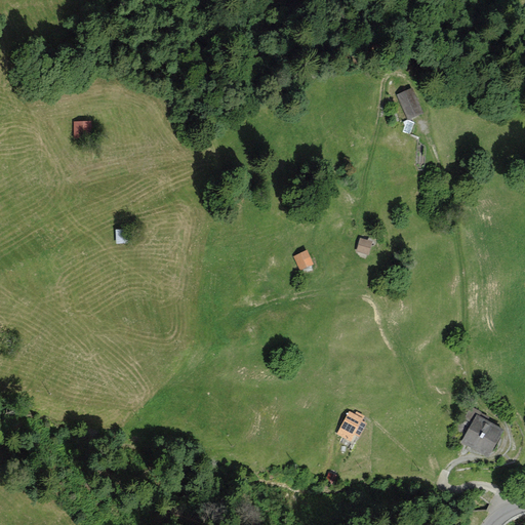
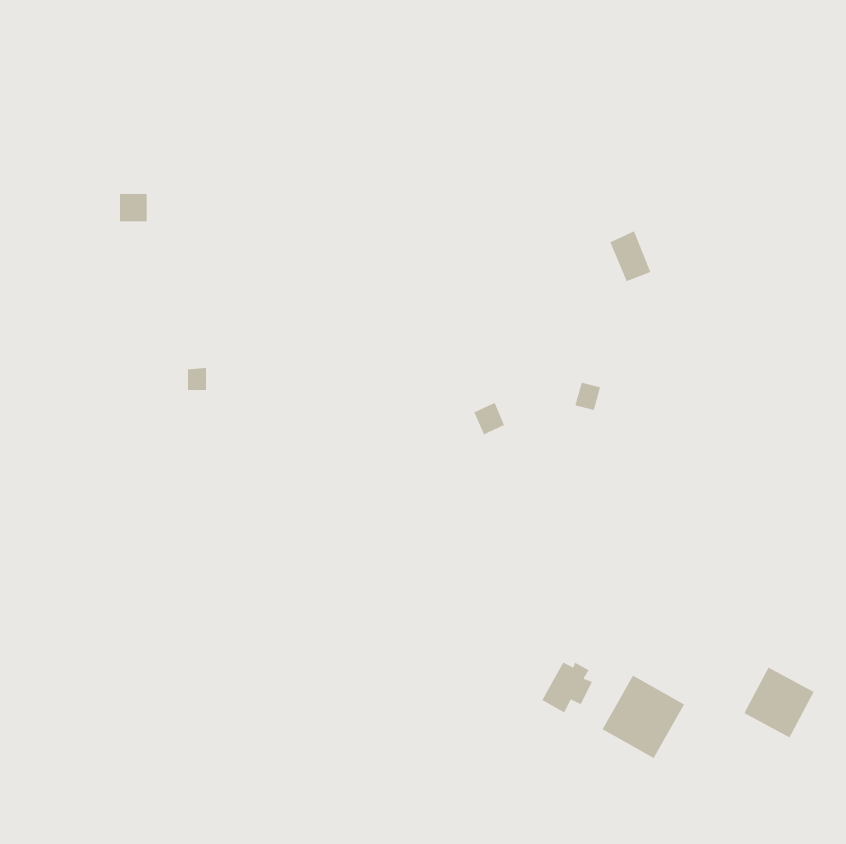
building: [397,87,422,119] -> [610,231,651,282]
building: none -> [602,675,685,759]

